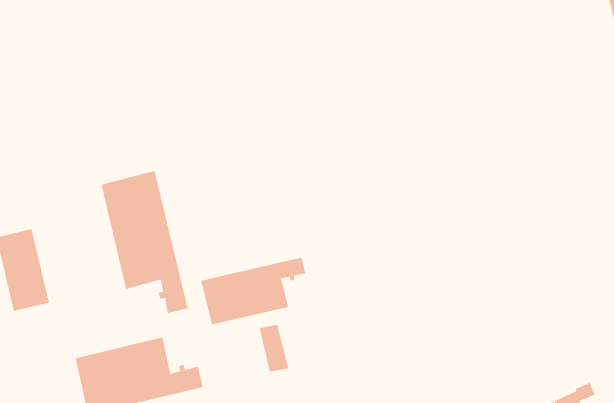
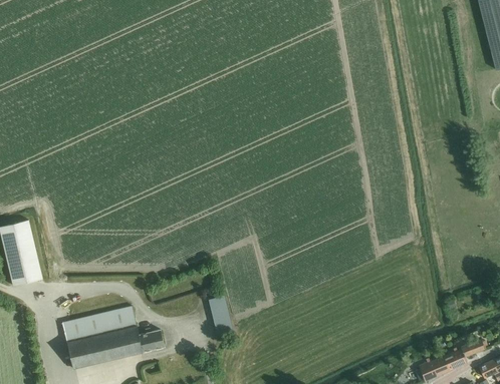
building: [101,170,188,314] -> none
building: [201,257,306,325] -> none

